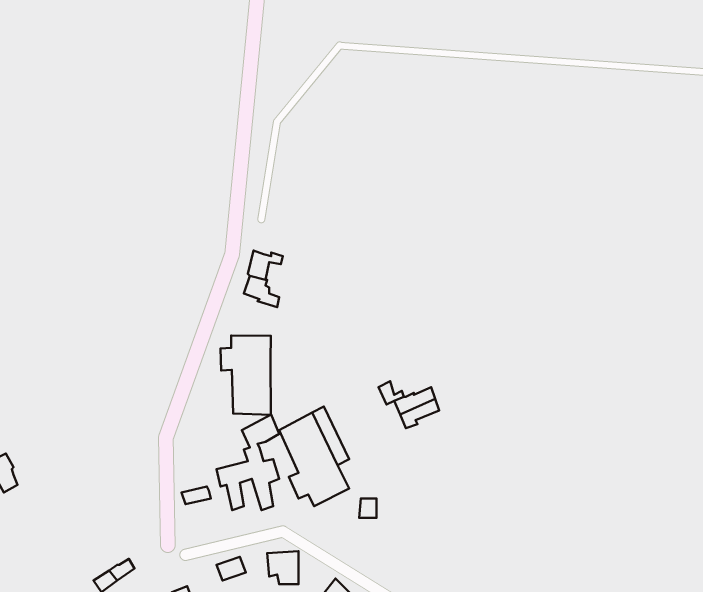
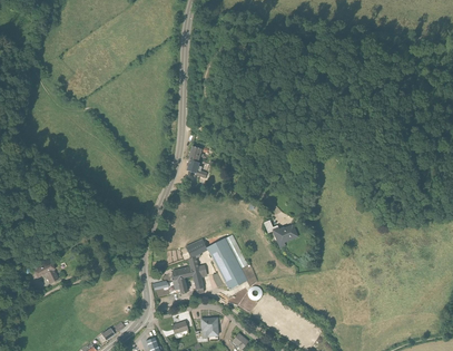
building: [221,336,271,415] -> none

